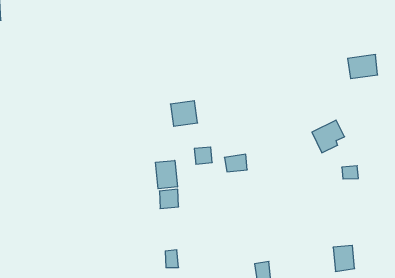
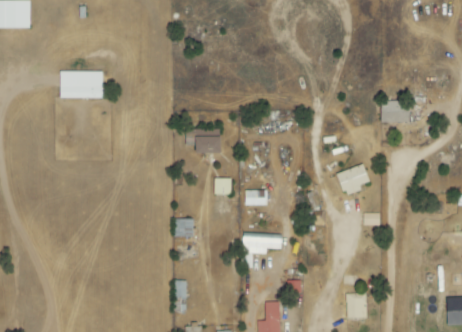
building: none -> [60,70,103,98]
building: [156,160,177,189] -> none
building: none -> [243,232,282,253]

